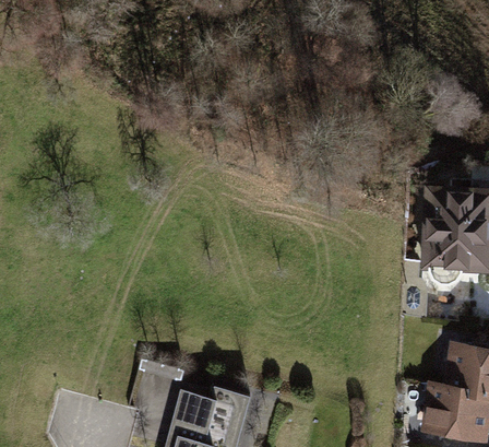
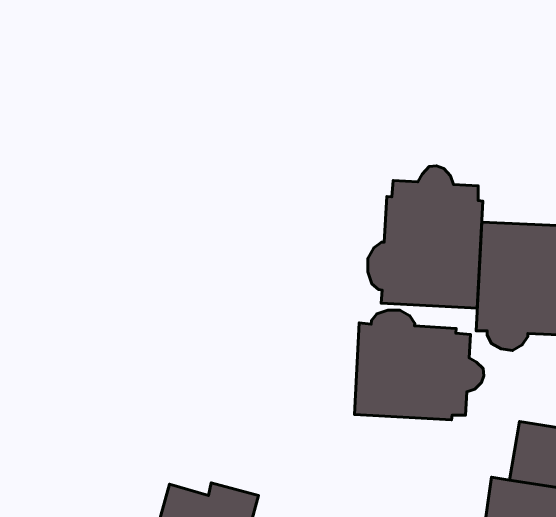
building: none -> [368,166,483,308]
building: none -> [355,310,484,420]

